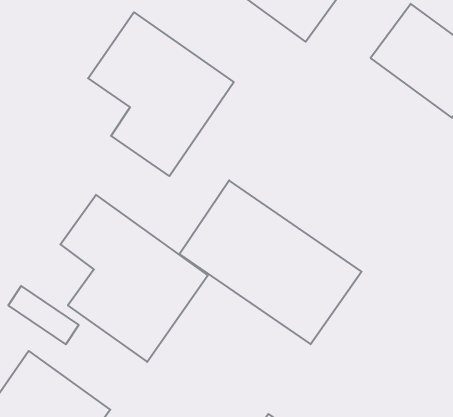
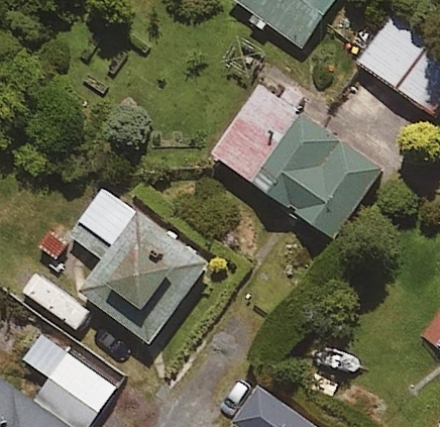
building: [88,12,234,176] -> none
building: [179,180,362,344] -> [212,86,381,238]

